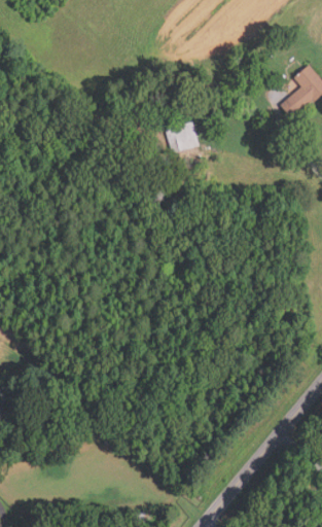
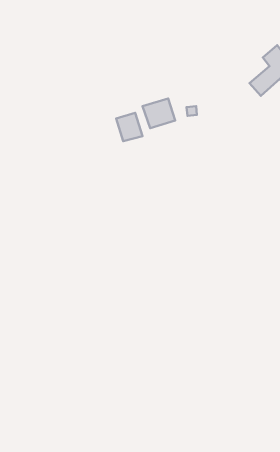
building: none -> [116,113,142,141]

